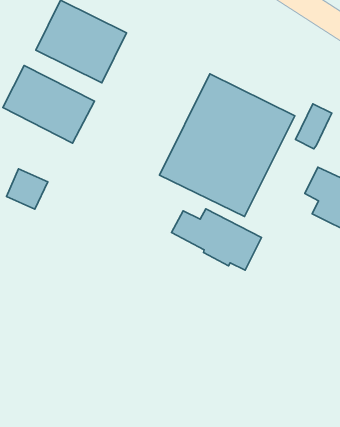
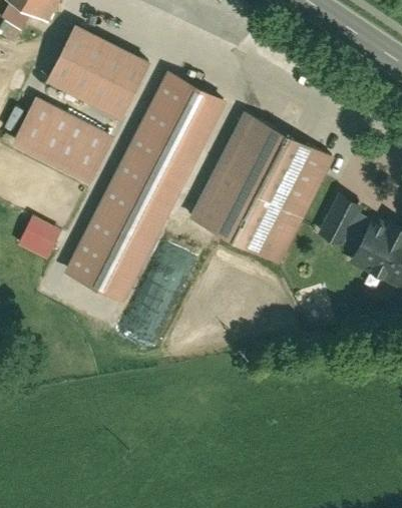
building: none -> [68,72,225,297]
building: [295,104,332,149] -> [321,194,361,243]
building: [172,209,261,270] -> none

